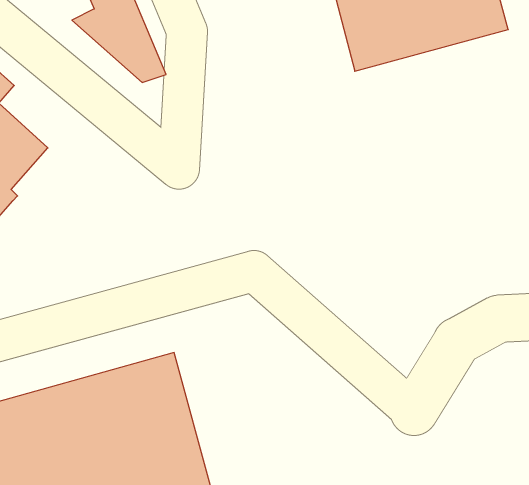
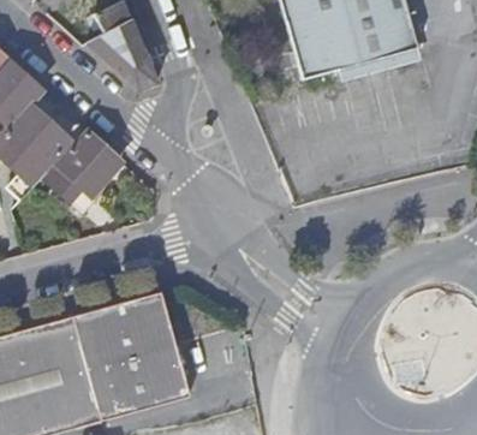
building: none -> [42,127,117,210]

